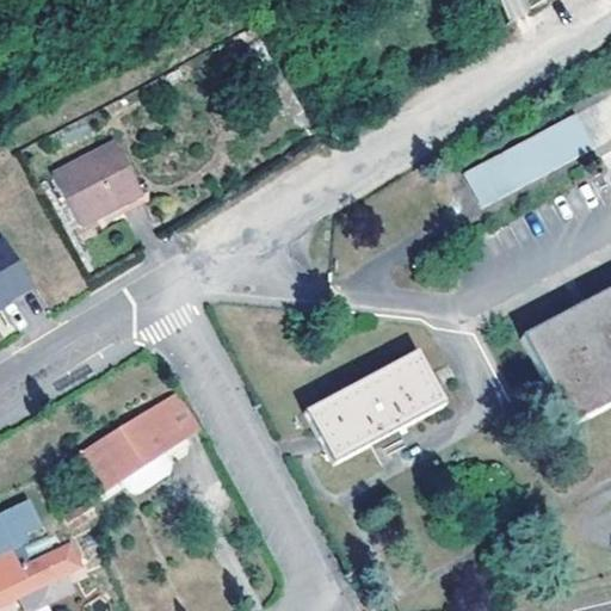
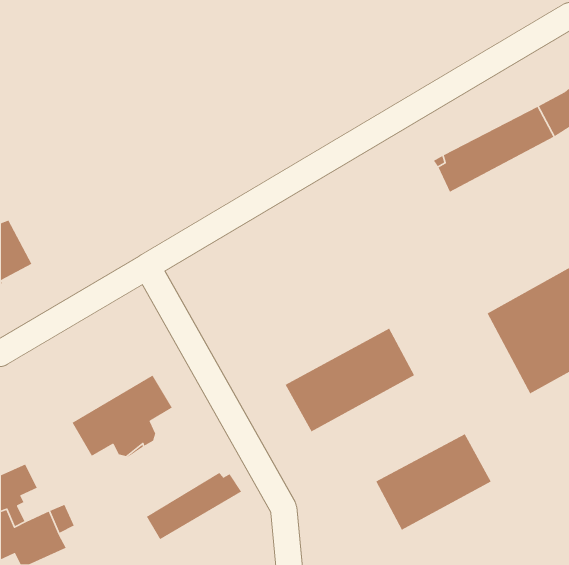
building: [55,137,141,220] -> none
building: none -> [375,433,492,531]
building: none -> [146,472,242,540]

